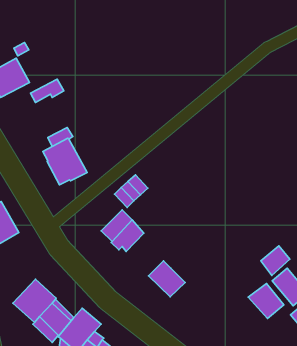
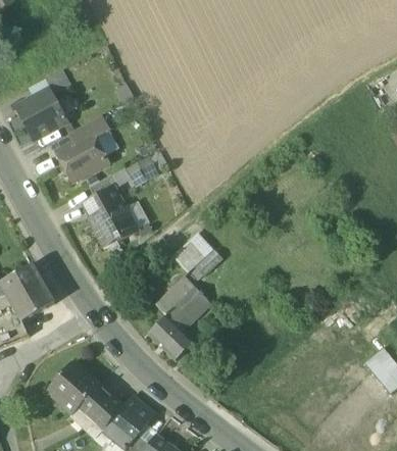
building: none -> [57,134,108,181]
building: [261,246,290,276] -> none
building: [148,261,185,297] -> [149,315,194,359]
building: [248,283,284,319] -> none

